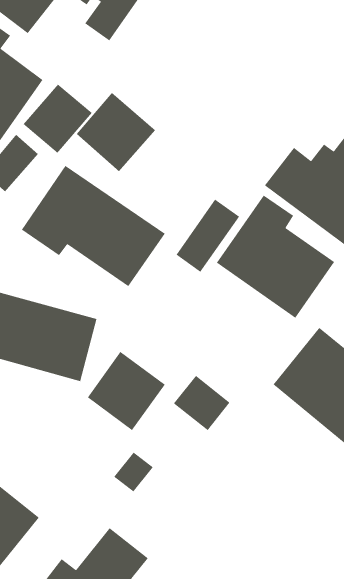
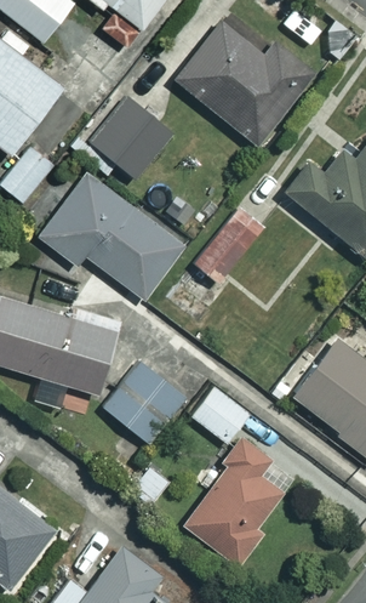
building: none -> [177,24,316,146]
building: [23,83,93,154] -> none
building: [216,194,335,319] -> none
building: none -> [182,440,285,563]

